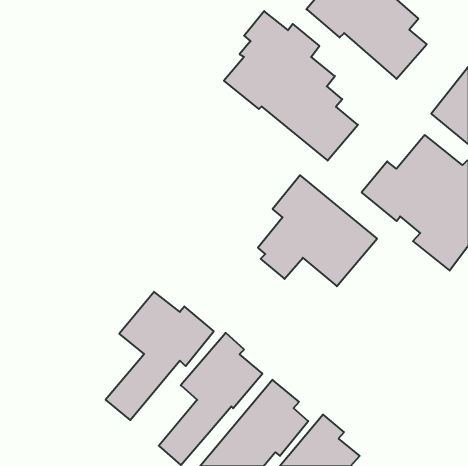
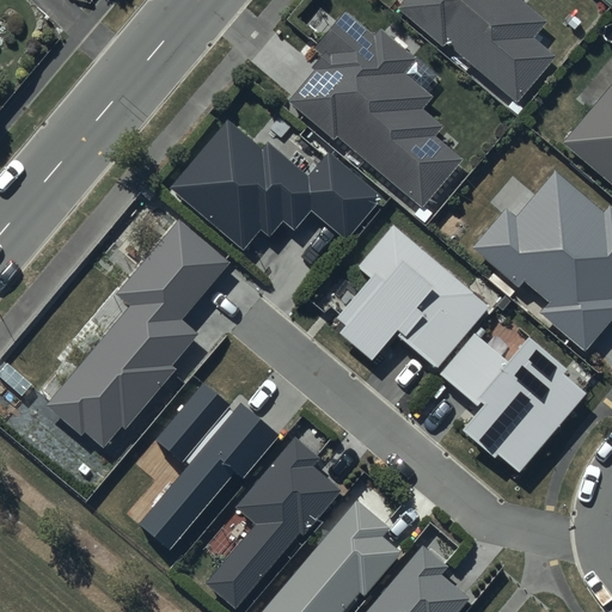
building: none -> [175,124,382,250]
building: none -> [47,214,233,447]
building: none -> [440,336,586,475]

